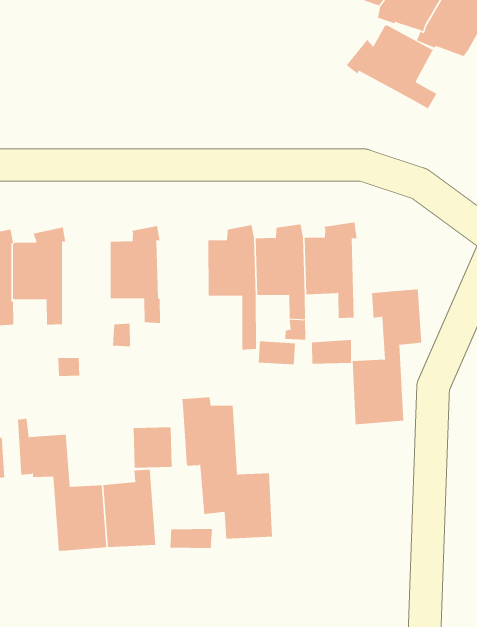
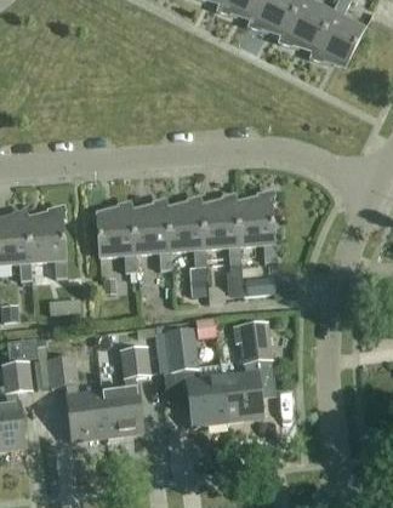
building: [346,24,437,109] -> none
building: none -> [131,199,172,269]
building: [352,289,422,425] -> [222,320,272,421]

